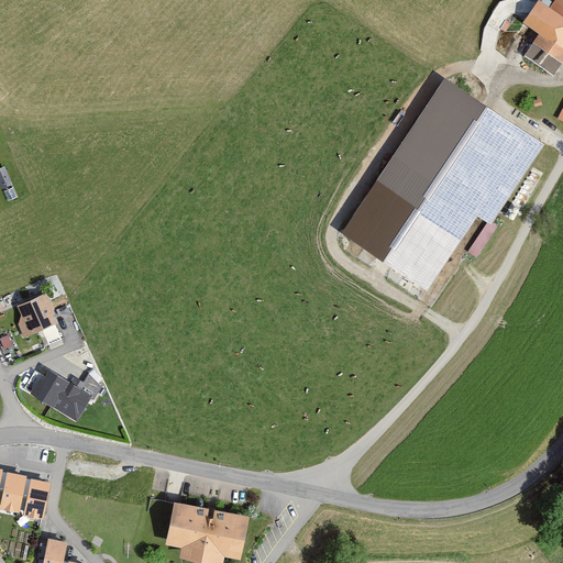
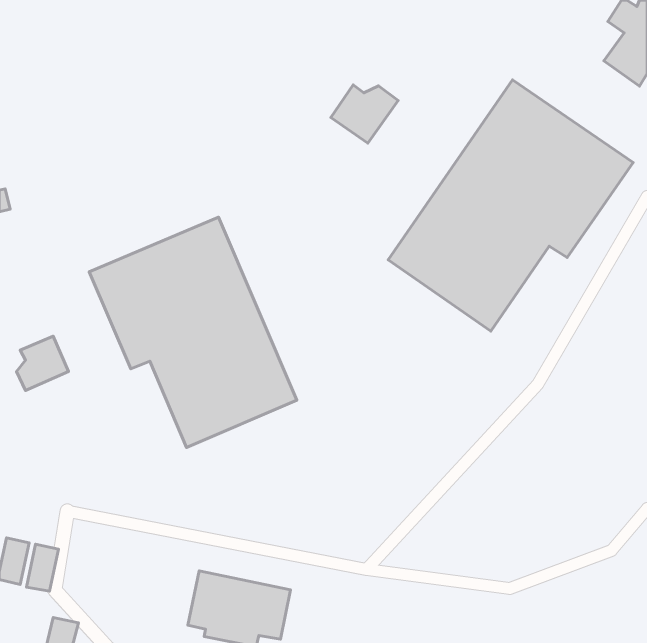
building: none -> [331,85,398,143]
building: none -> [89,217,297,448]
building: [27,366,104,423] -> none

